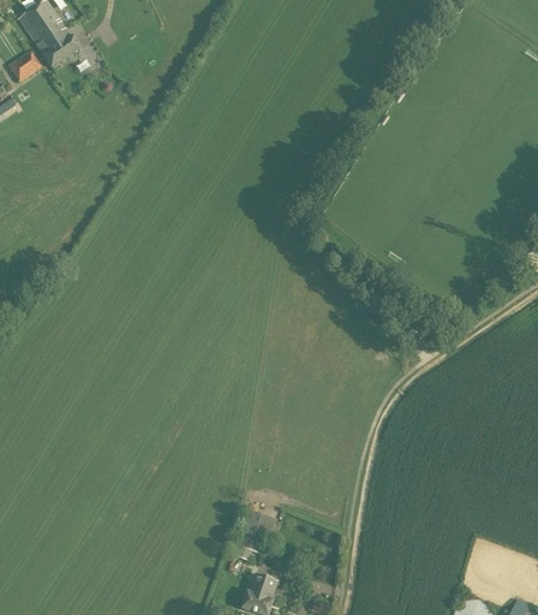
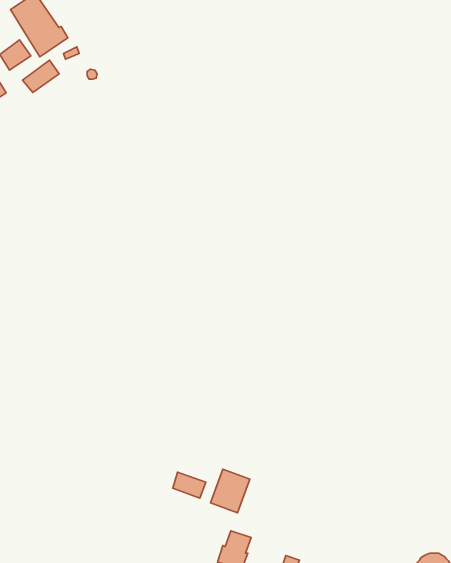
building: none -> [23,60,59,92]
building: none -> [173,472,206,498]

